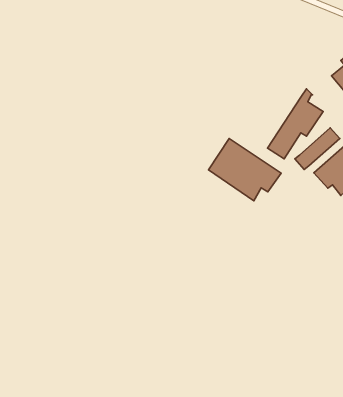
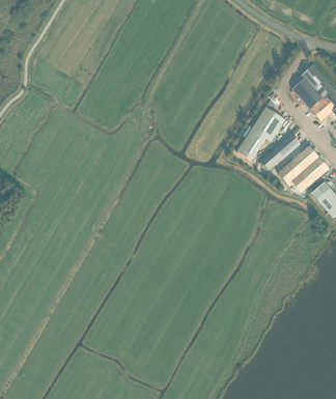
building: [208,139,281,201] -> none

